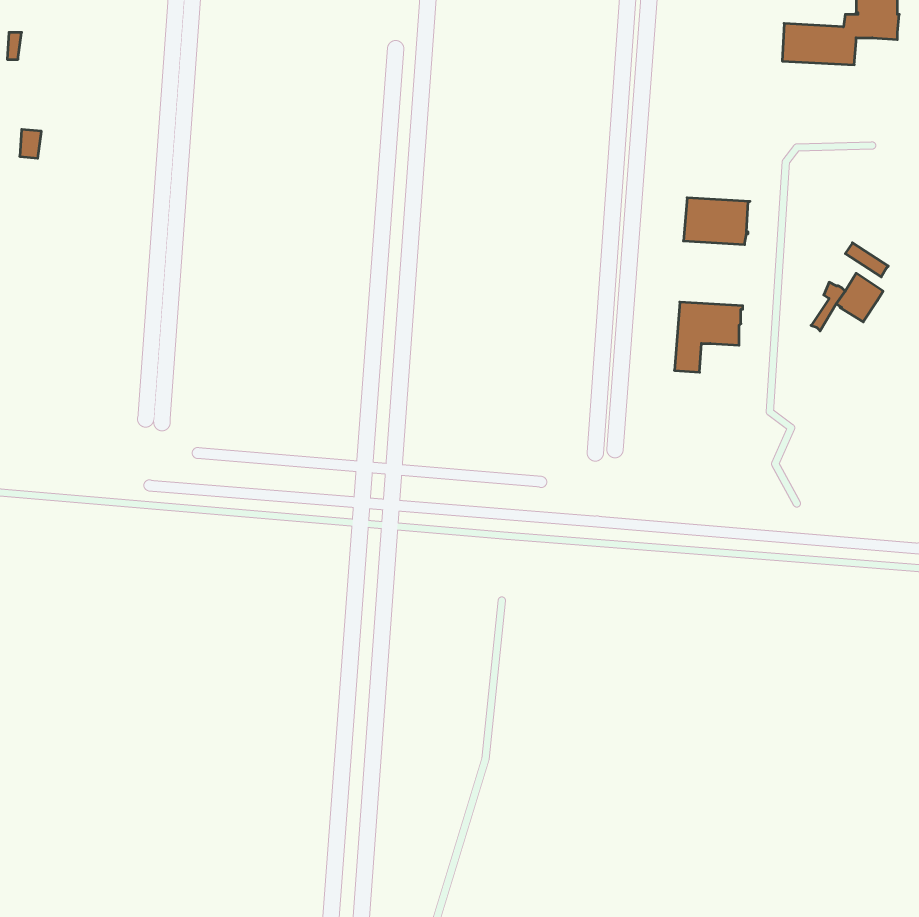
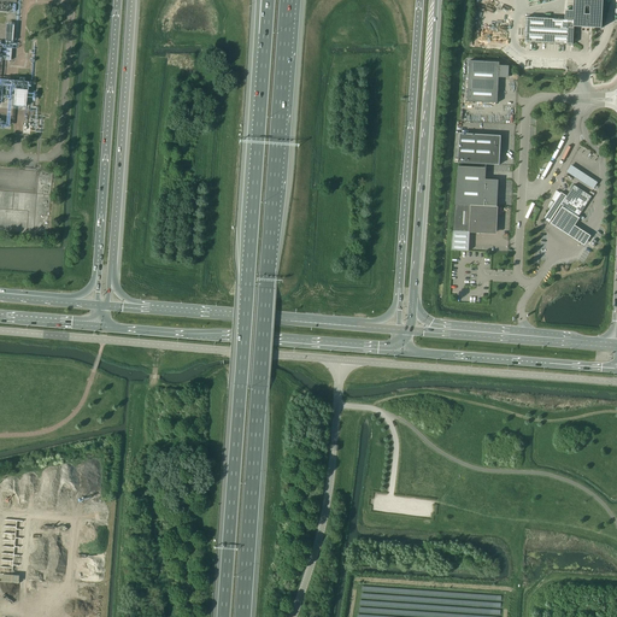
building: none -> [468,59,509,101]
building: none -> [456,165,499,205]
building: none -> [552,206,593,246]

